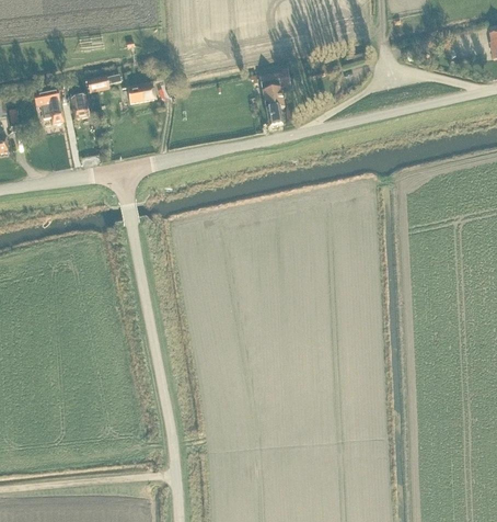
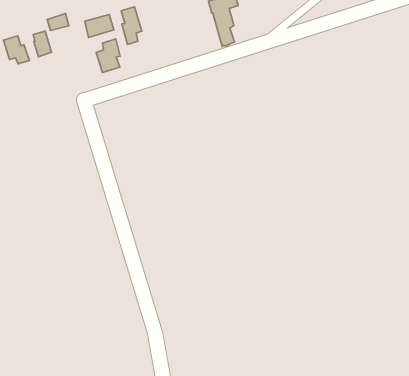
building: none -> [121,7,142,45]
building: none -> [96,39,120,73]

